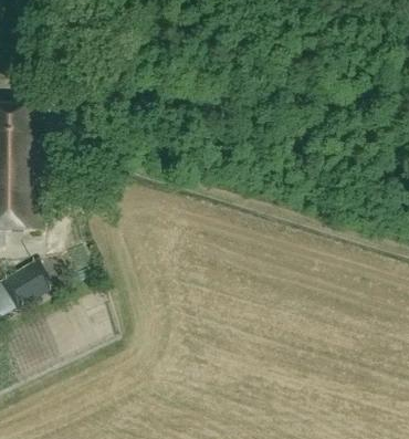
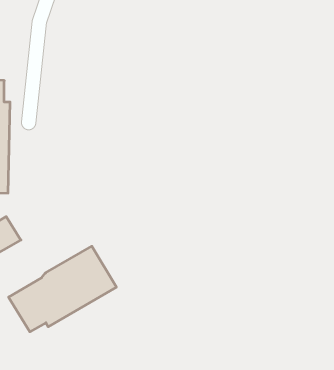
building: none -> [9,246,116,332]

